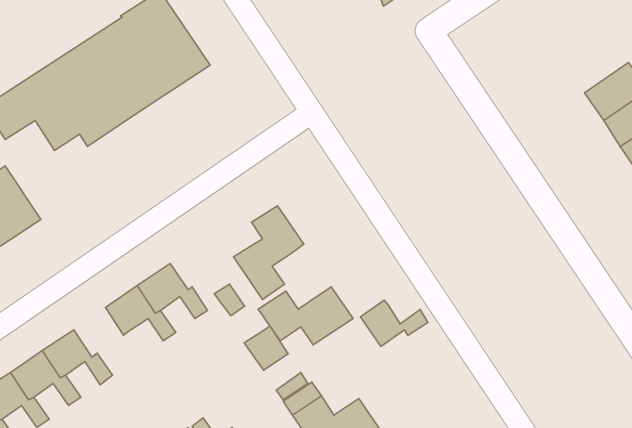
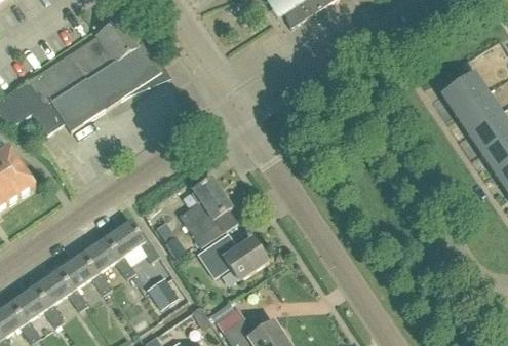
building: [360,300,428,347] -> none
building: none -> [61,252,113,293]
building: [244,326,288,370] -> [144,272,177,305]

